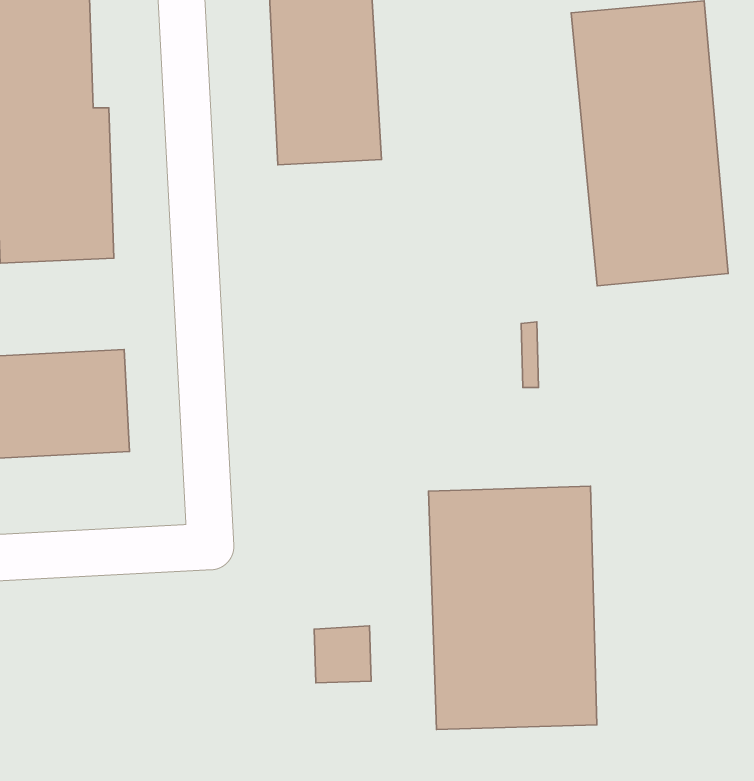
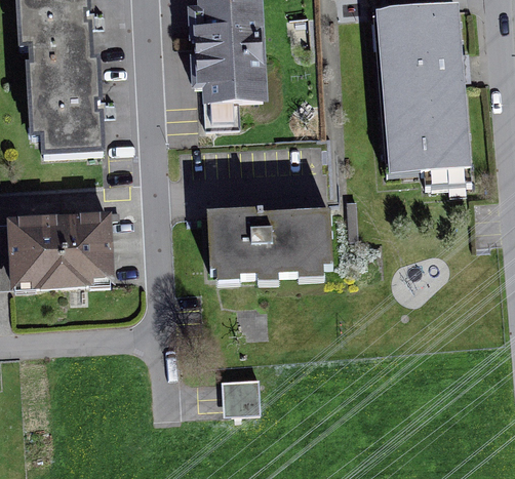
building: none -> [206,204,327,281]
building: [428,486,597,730] -> none

